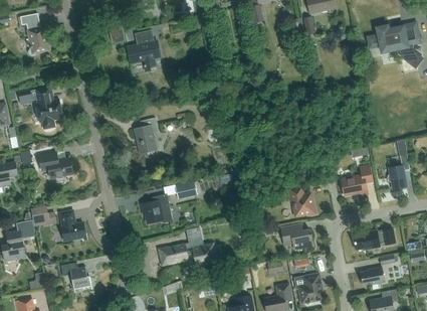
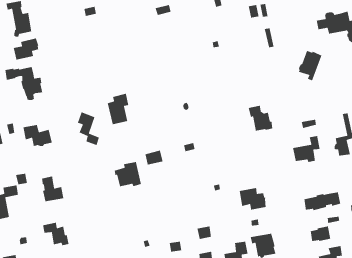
building: [127,29,160,71] -> none
building: none -> [13,37,40,60]
building: none -> [298,50,322,82]
building: none -> [77,108,100,146]
building: [286,186,314,216] -> [248,105,273,132]
building: [159,227,218,268] -> none

